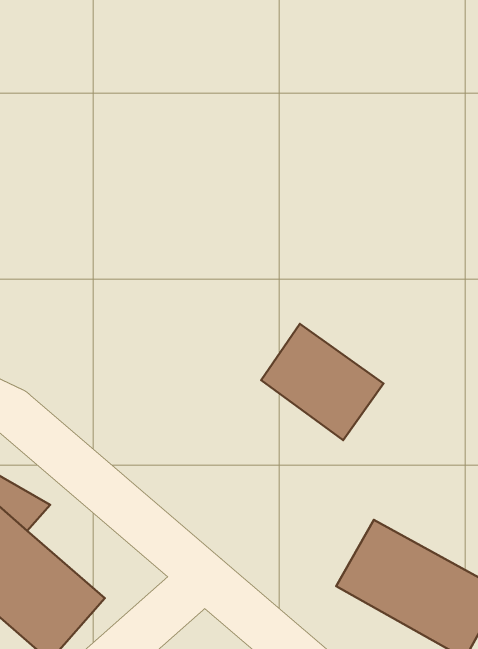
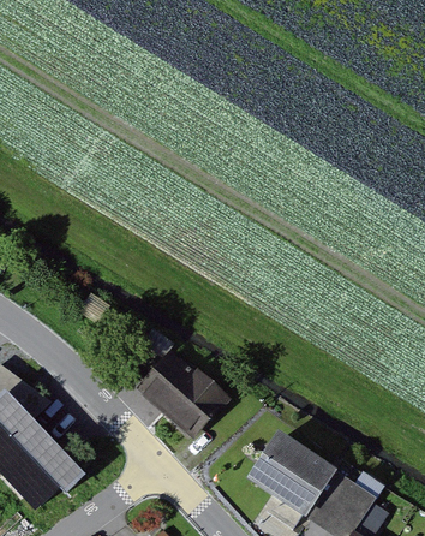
building: [261,324,383,440] -> [139,353,226,439]

